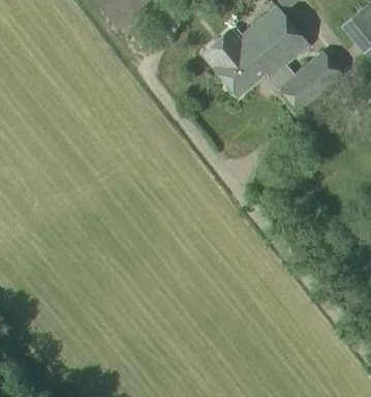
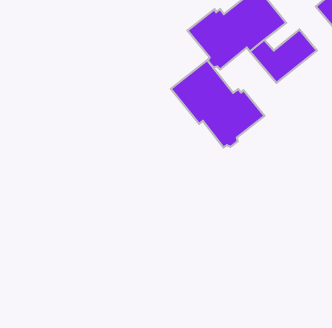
building: none -> [171,60,265,147]

